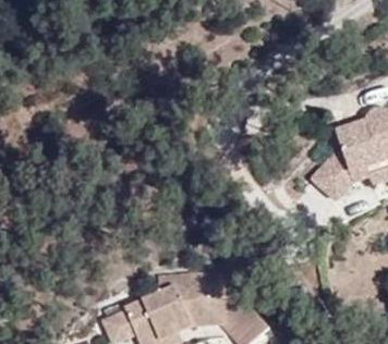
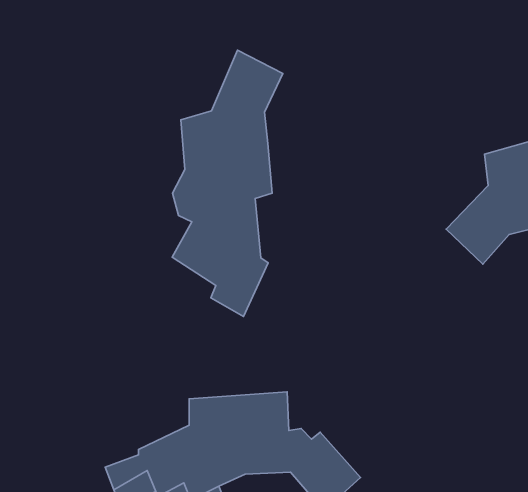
building: none -> [172,50,283,316]

